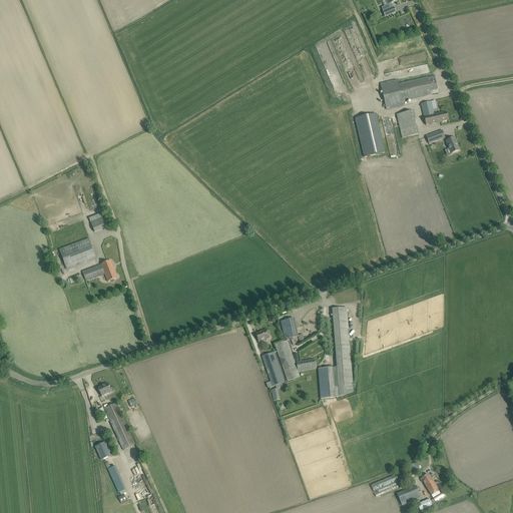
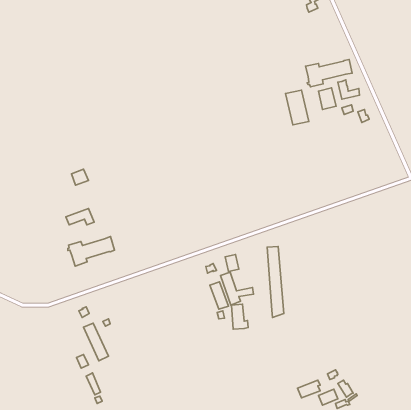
building: [59,235,97,268] -> none
building: none -> [68,236,115,266]
building: [319,366,340,397] -> [231,304,248,329]

